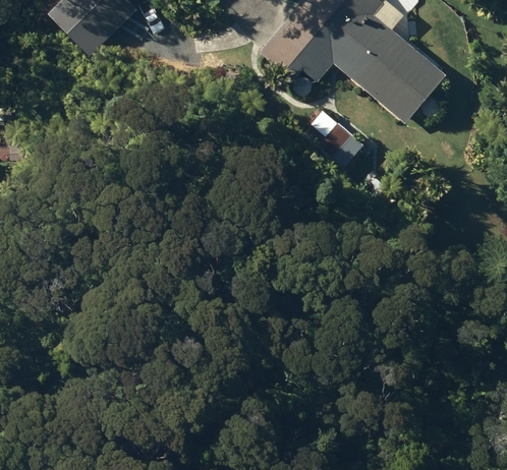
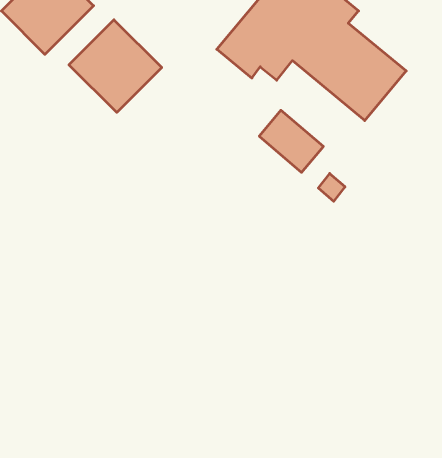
building: none -> [69,20,162,112]

